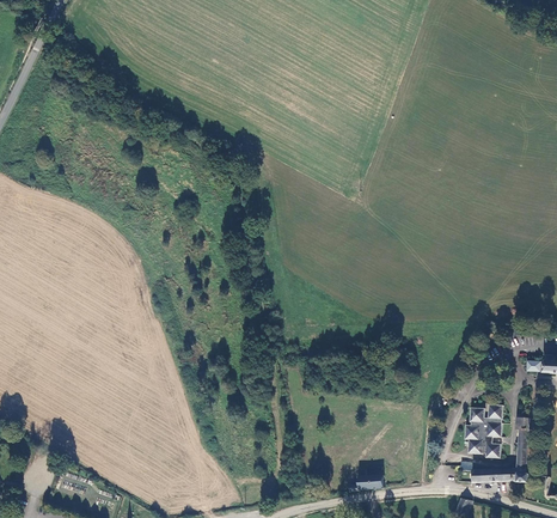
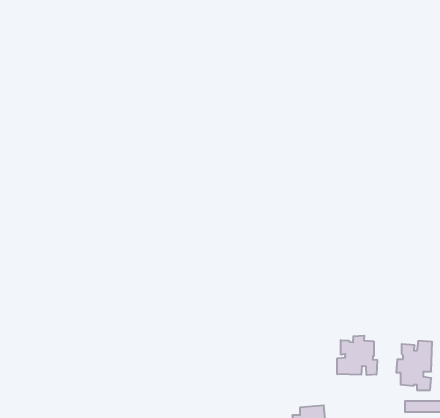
building: none -> [337,336,377,375]

